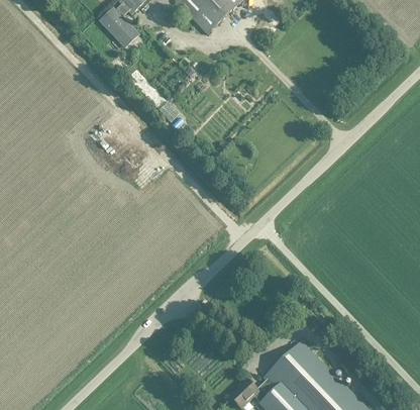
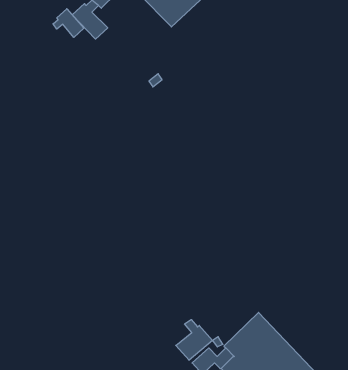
building: none -> [53,9,84,37]
building: none -> [176,320,213,360]

